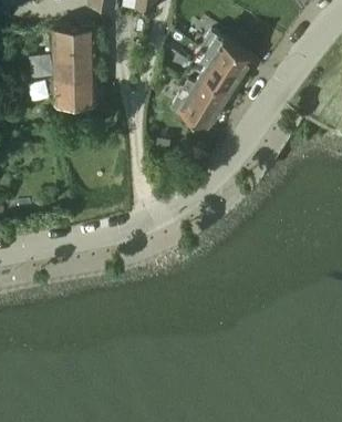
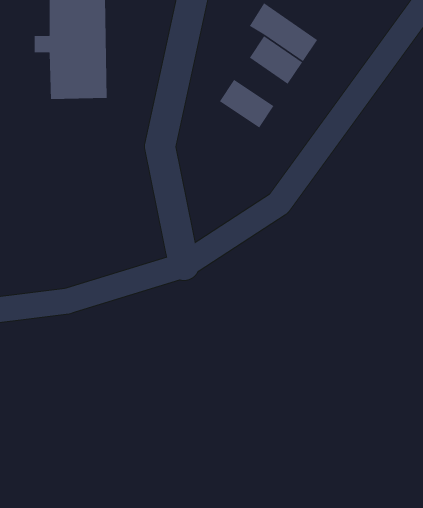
building: [188,74,228,110] -> none

